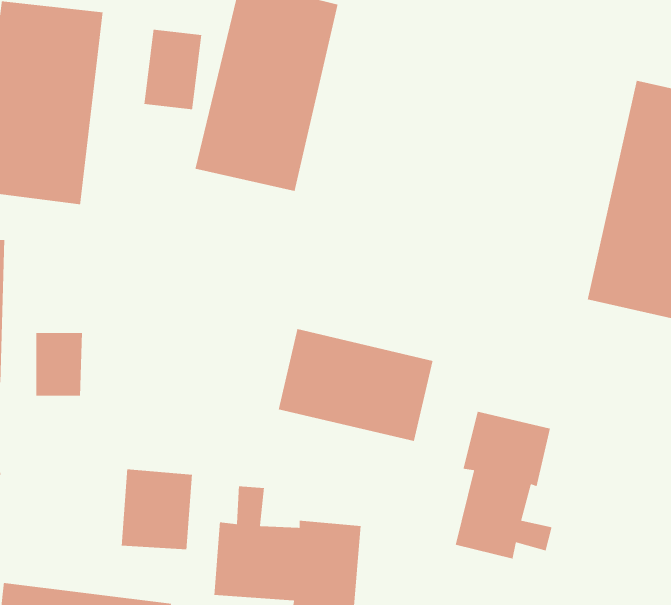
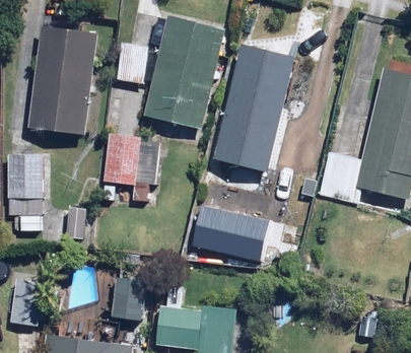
building: none -> [212,44,293,170]
building: none -> [101,132,161,201]
building: [455,411,552,559] -> none

